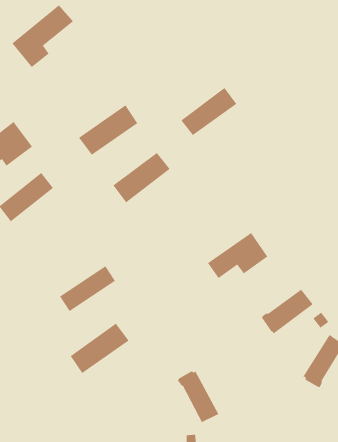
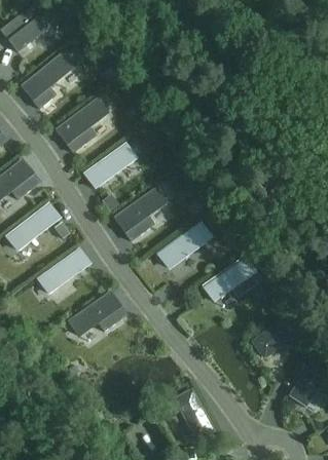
building: none -> [57,97,111,152]
building: [180,87,237,136] -> [157,225,210,270]
building: [70,323,130,374] -> [37,247,93,295]

